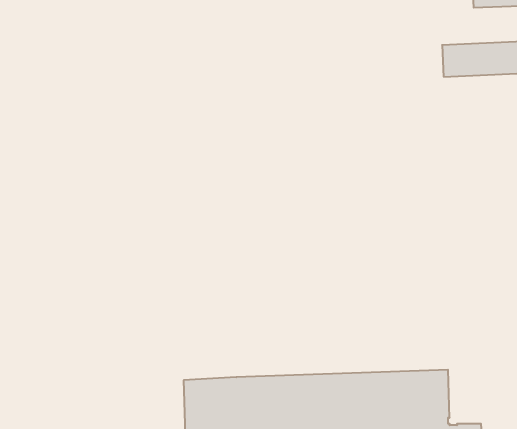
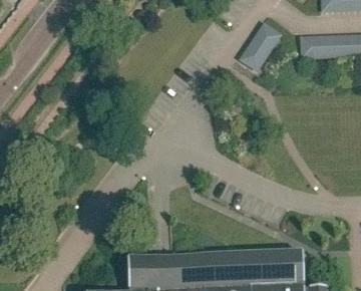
building: none -> [239,18,282,67]

